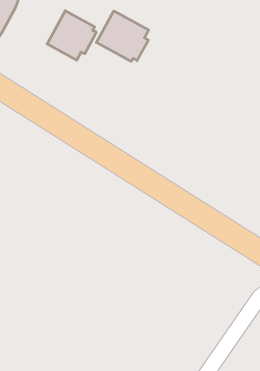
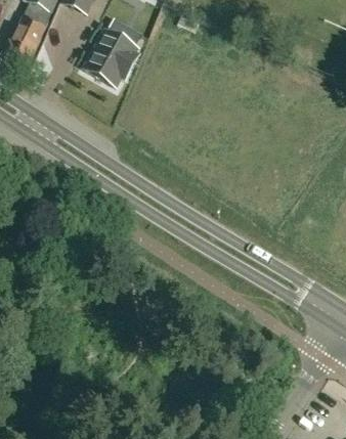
building: [96,11,149,61] -> none

